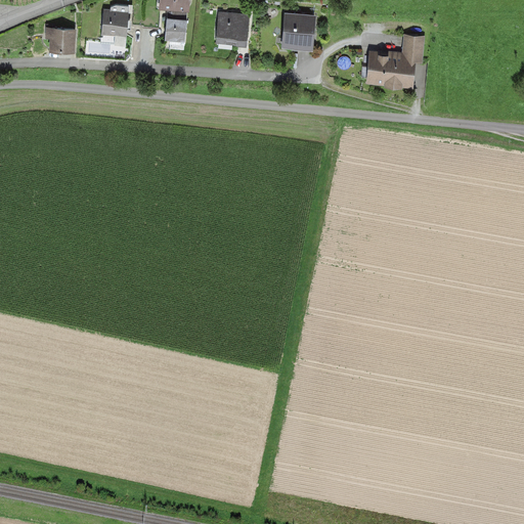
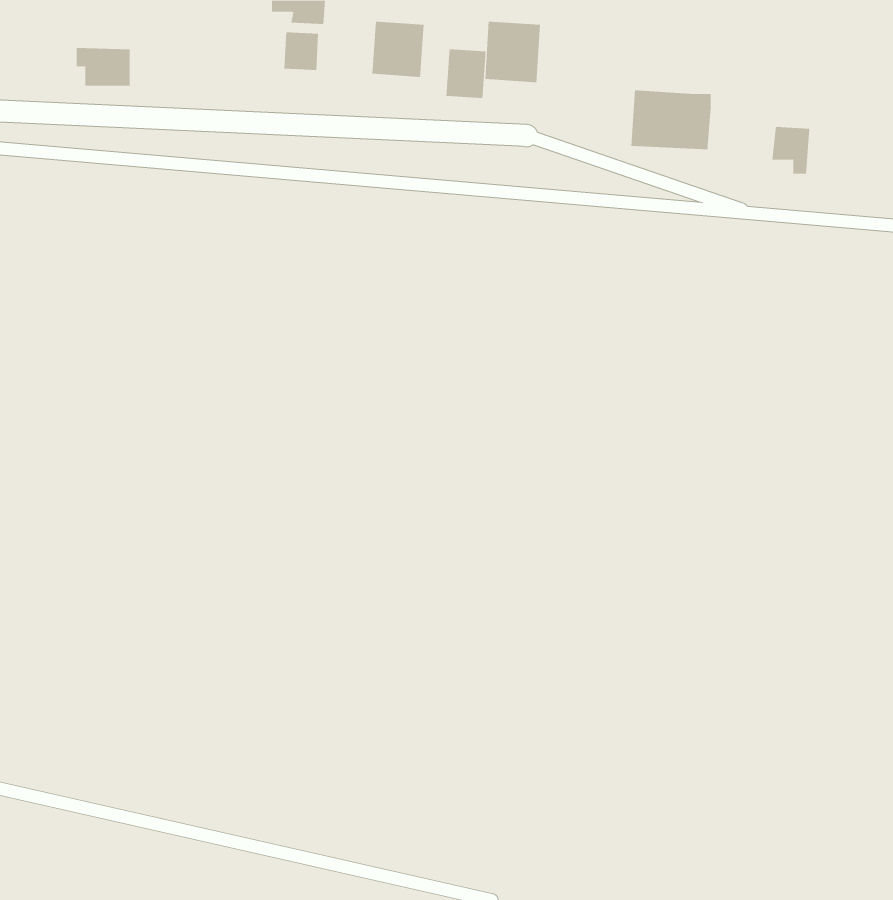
building: [100,10,126,44] -> none
building: none -> [446,48,486,99]
building: [401,35,424,62] -> [772,127,810,174]

